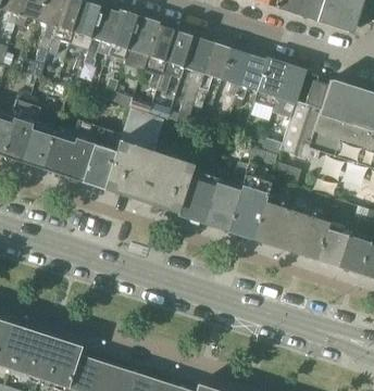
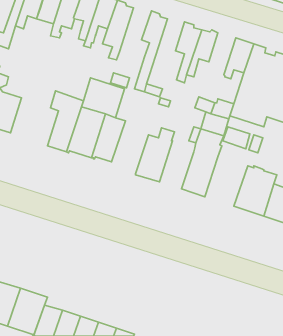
building: [160,31,195,81] -> none
building: [192,43,230,106] -> none
building: [255,59,286,105] -> none
building: [41,105,95,181] -> none
building: [151,154,192,212] -> none
building: [203,176,241,228] -> none
building: [252,193,299,247] -> none

